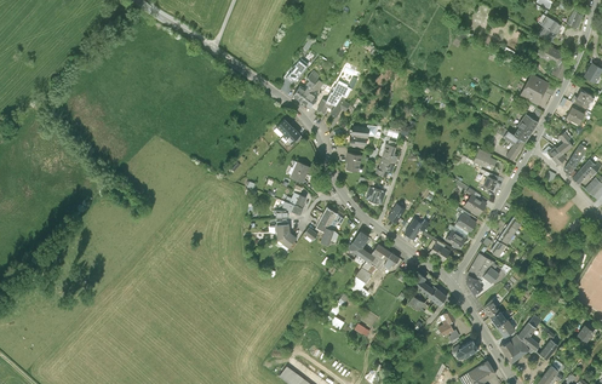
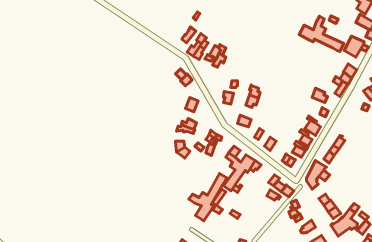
building: none -> [299,16,344,51]
building: none -> [189,173,227,221]

